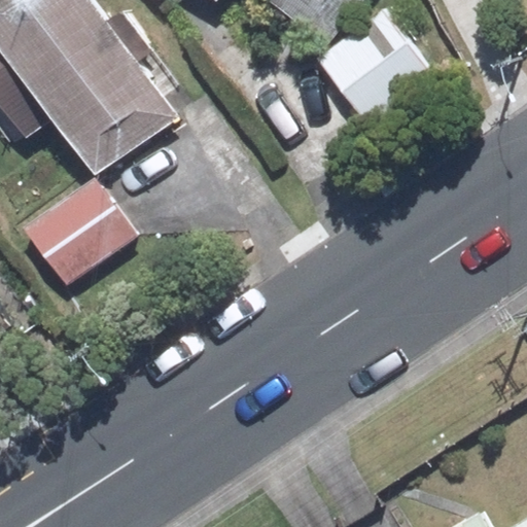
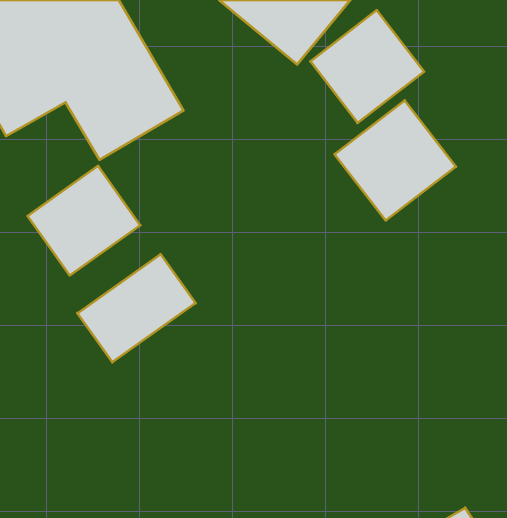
building: none -> [335,100,456,220]
building: none -> [77,254,196,362]

